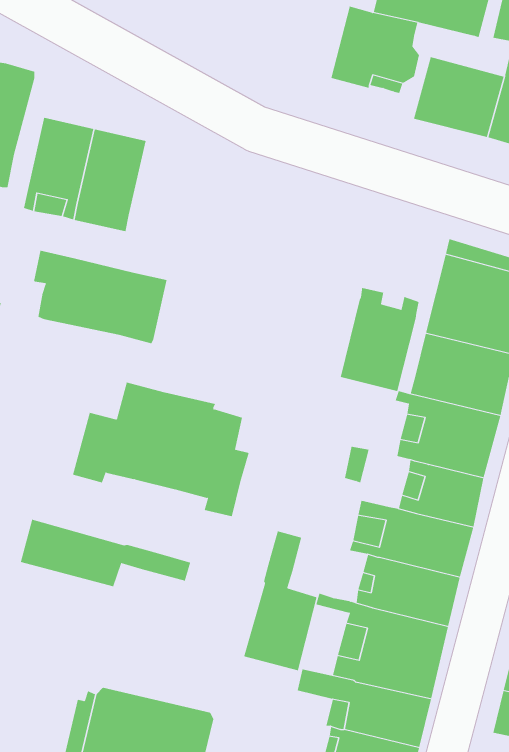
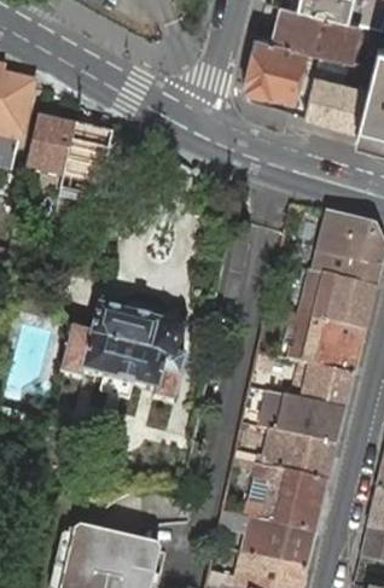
building: [33,250,167,344] -> none
building: [340,287,419,392] -> none
building: [20,519,191,587] -> none
building: [244,531,317,671] -> none

